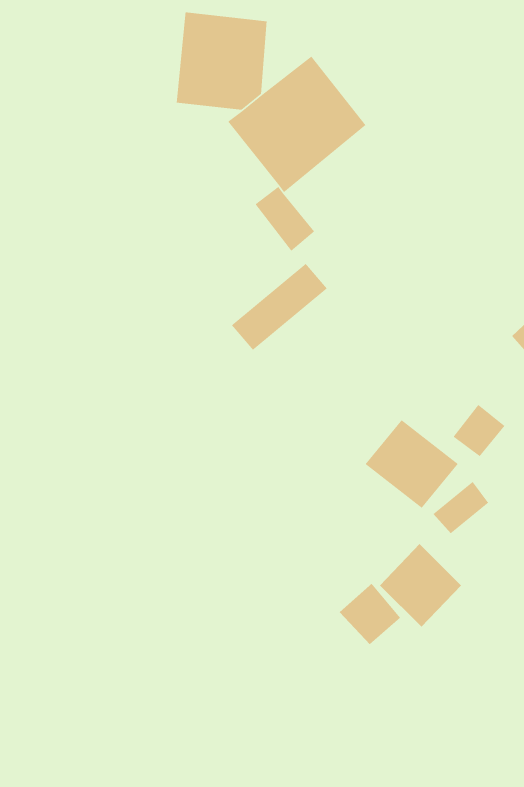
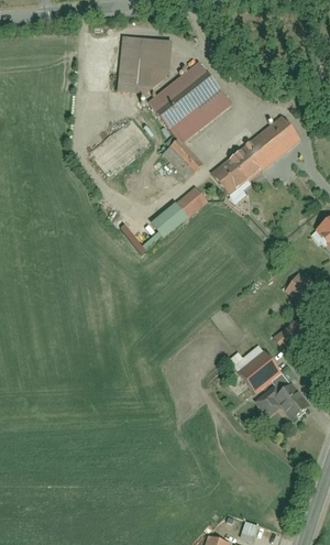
building: none -> [212,115,303,196]
building: [364,419,459,509] -> none
building: [339,583,401,645] -> [272,383,309,421]

